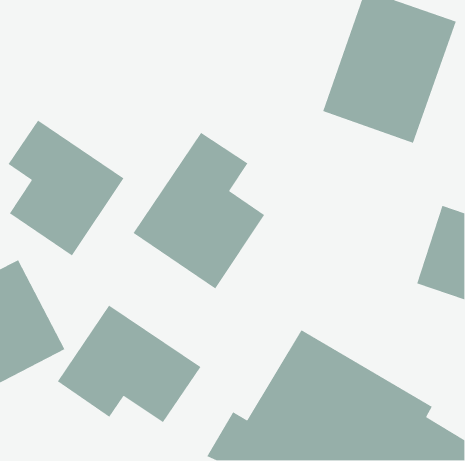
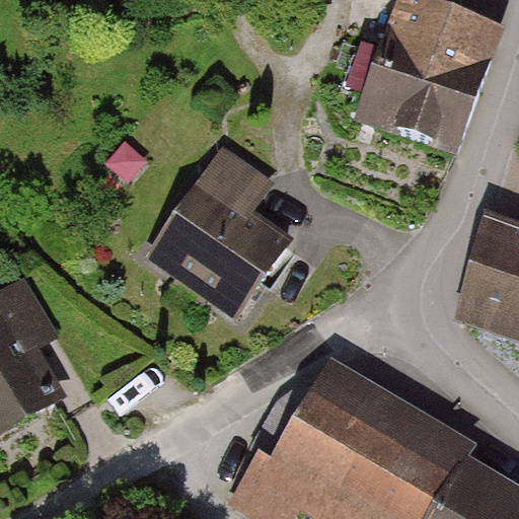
building: [7,120,125,257] -> none
building: [57,304,202,423] -> none

